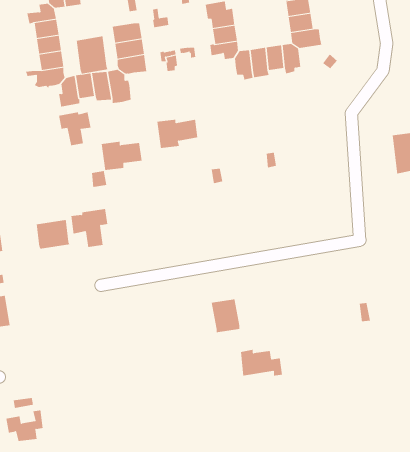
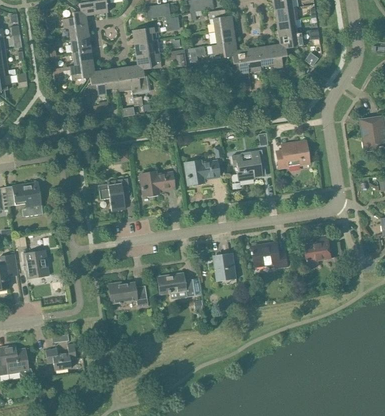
building: [76,36,108,74] -> none
building: [58,112,91,146] -> none
building: [157,119,198,148] -> [185,161,219,185]
building: [101,141,142,171] -> [140,172,174,196]
building: none -> [276,141,310,169]
building: none -> [231,150,264,182]
building: [36,219,70,249] -> none
building: none -> [305,234,331,262]
building: none -> [157,273,195,297]
building: none -> [108,282,148,305]
building: [240,349,283,376] -> [253,245,288,267]

